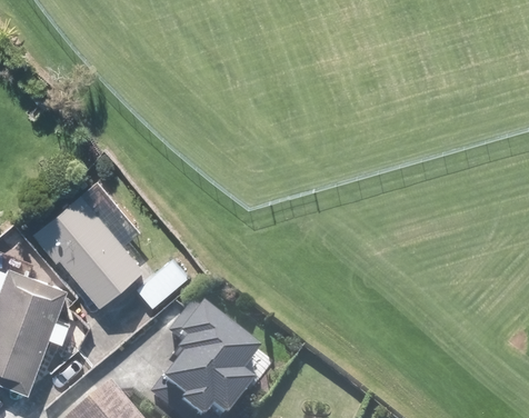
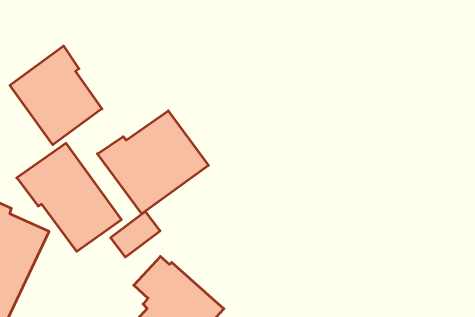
building: none -> [10,46,102,145]
building: none -> [97,111,208,214]

